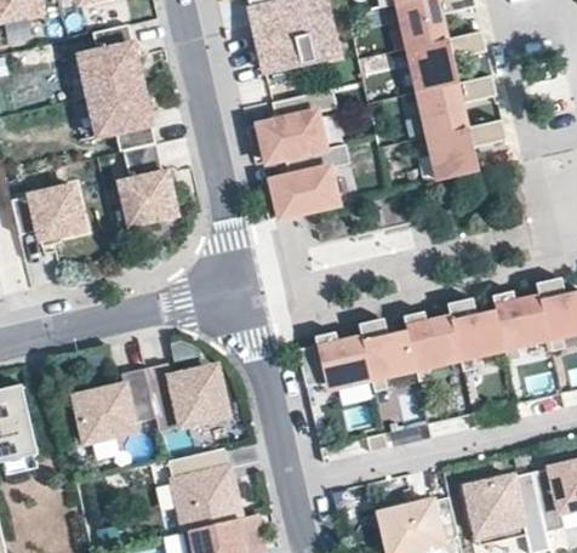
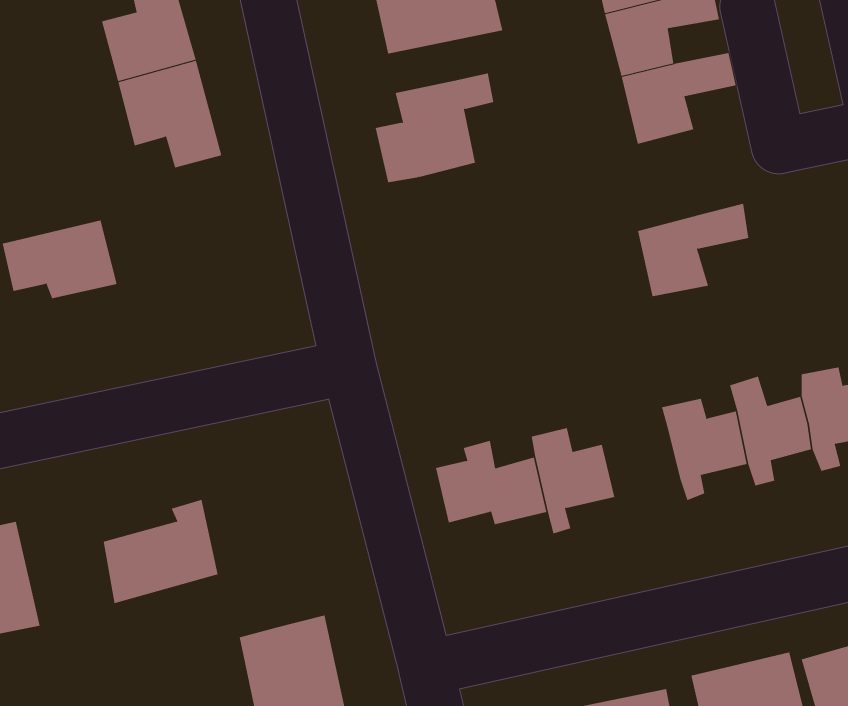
building: [429,118,503,179] -> [637,203,749,297]
building: [120,143,170,220] -> none
building: [270,144,345,213] -> none
building: [402,310,457,381] -> none
building: [142,364,225,434] -> none

